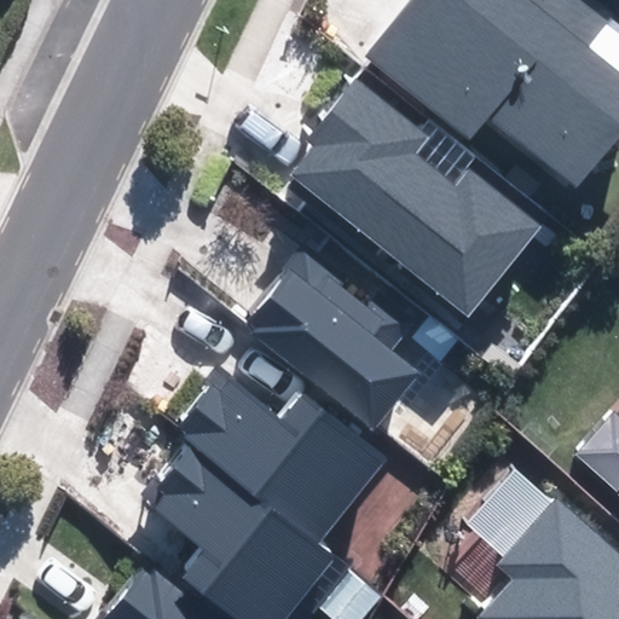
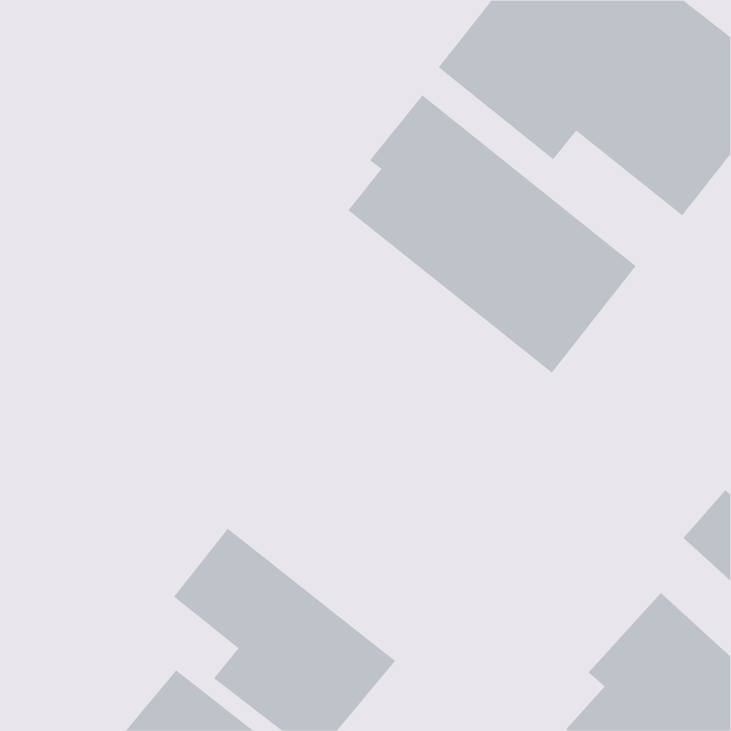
building: [247,245,416,427] -> none
building: [178,376,386,546] -> none

